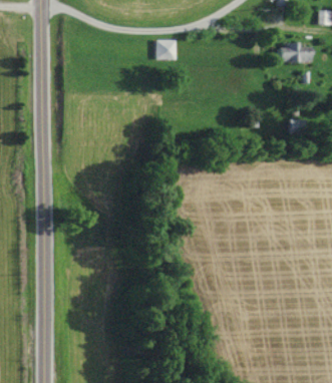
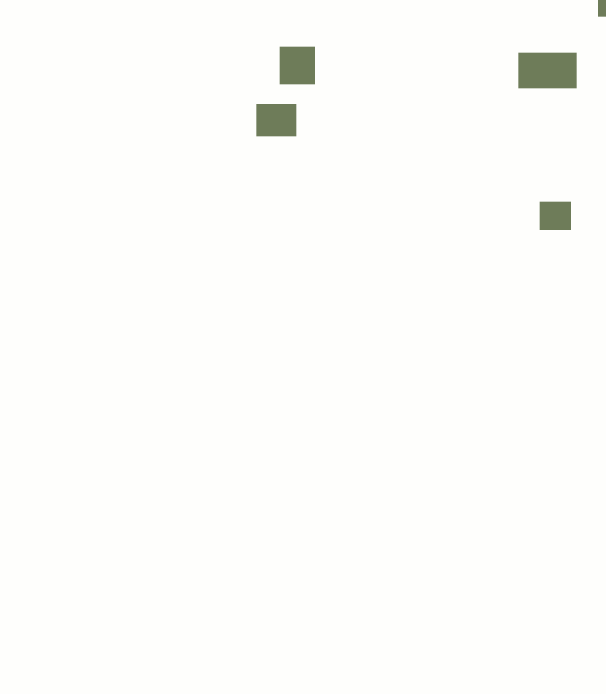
building: none -> [256,103,297,137]

